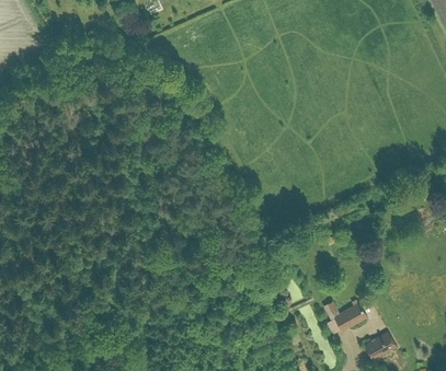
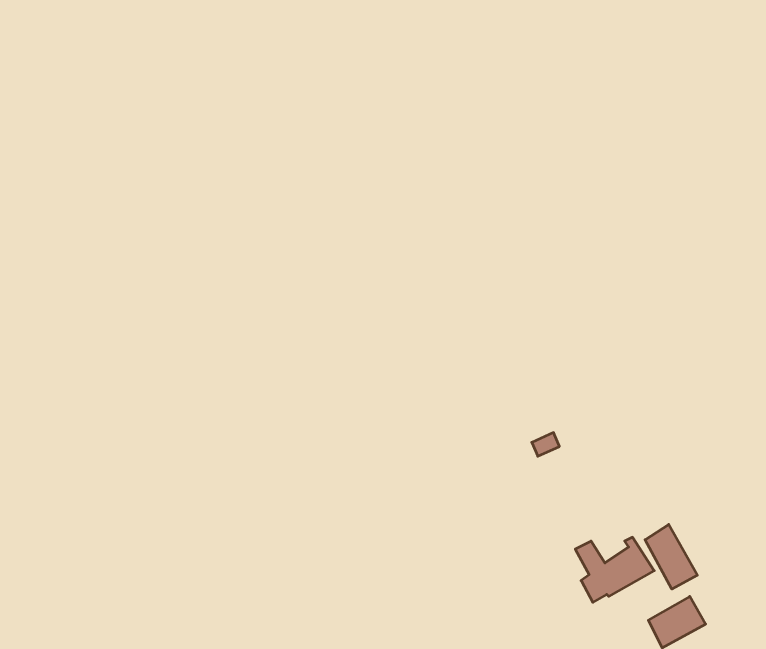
building: none -> [645,524,697,589]

